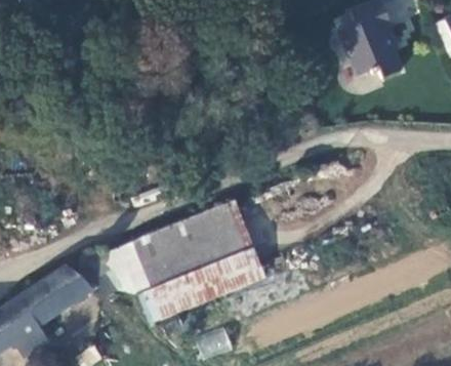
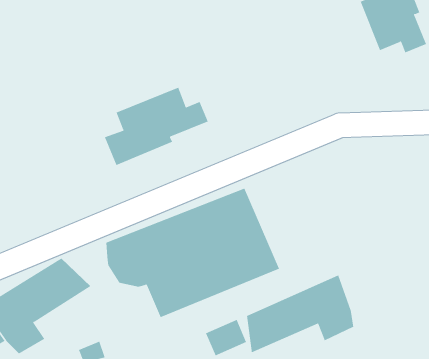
building: none -> [104,87,208,166]
building: none -> [247,274,354,353]

